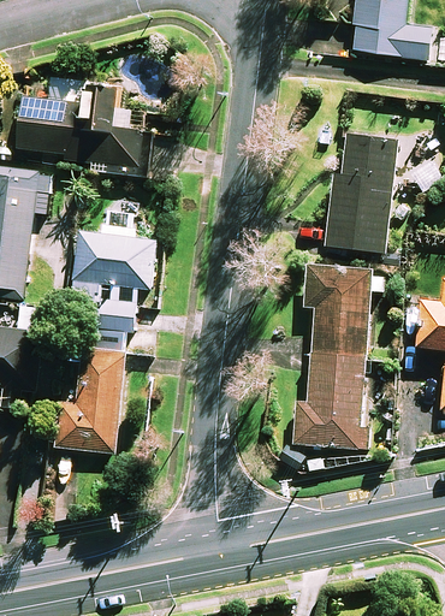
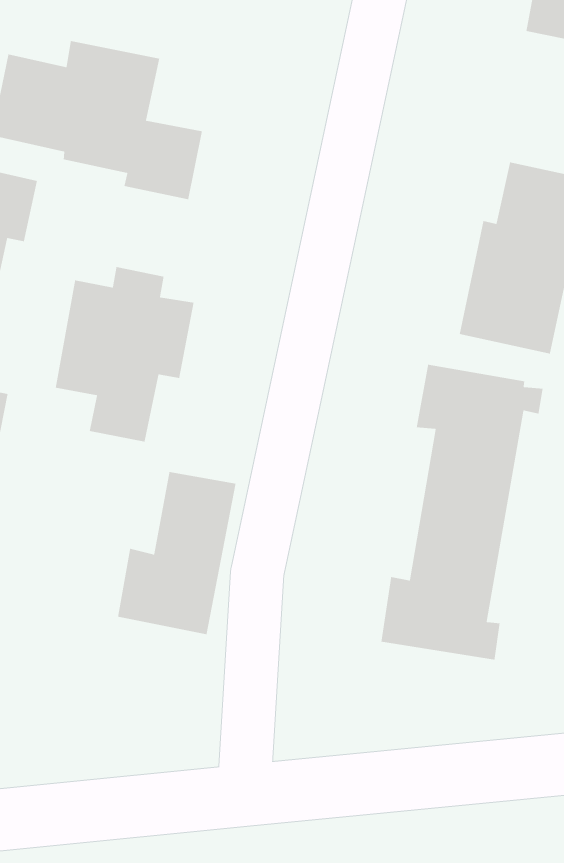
building: [57,351,124,452] -> [117,471,237,635]

